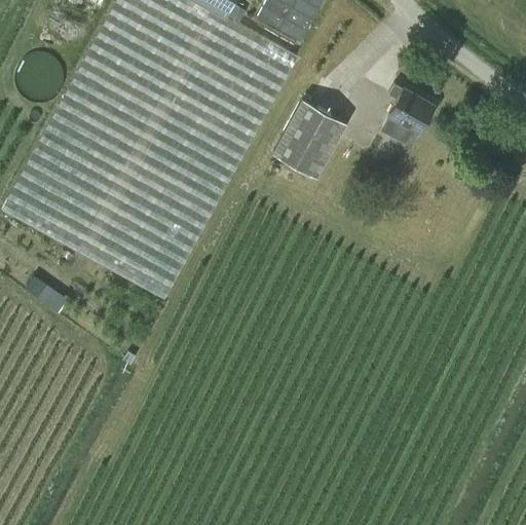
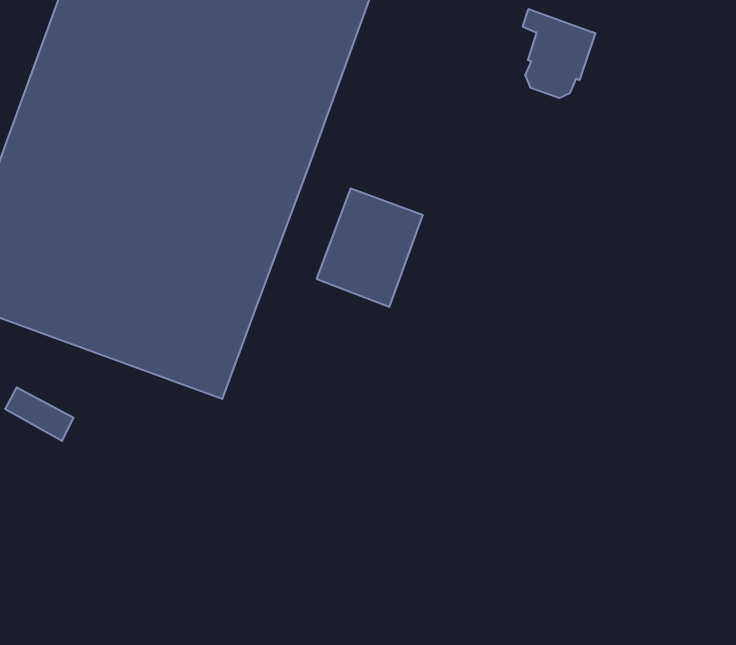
building: [272,98,345,176] -> [317,189,423,307]

